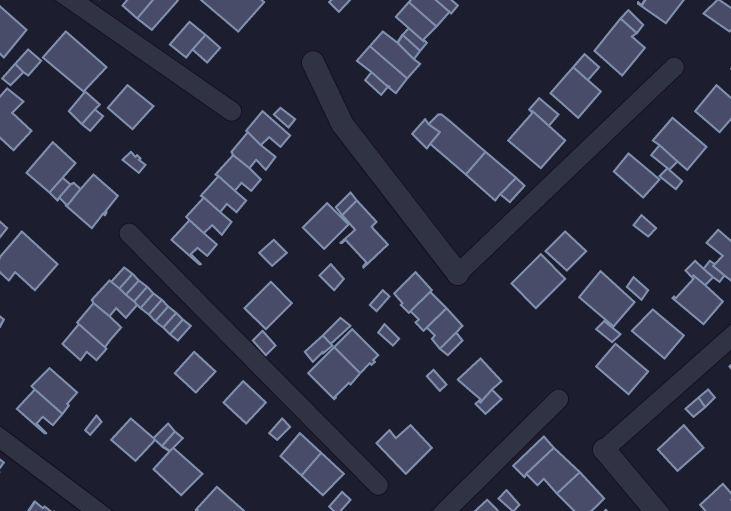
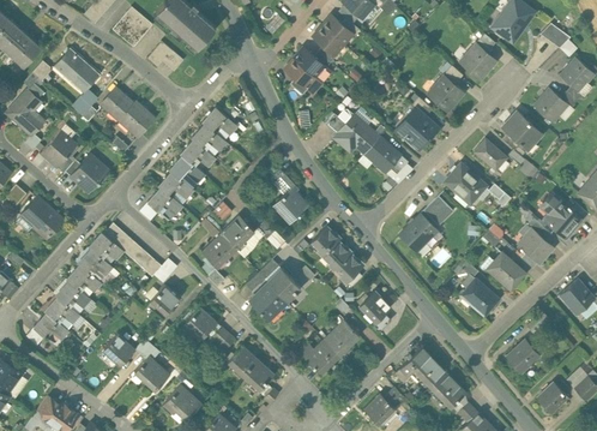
building: none -> [119,102,155,137]
building: [303,203,348,249] -> [221,215,254,249]
building: [579,271,635,327] -> [445,163,486,204]
building: none -> [55,280,89,315]
building: none -> [324,319,360,355]

